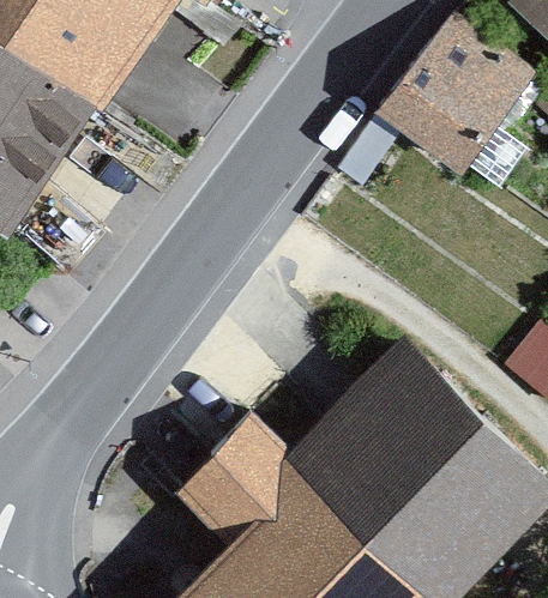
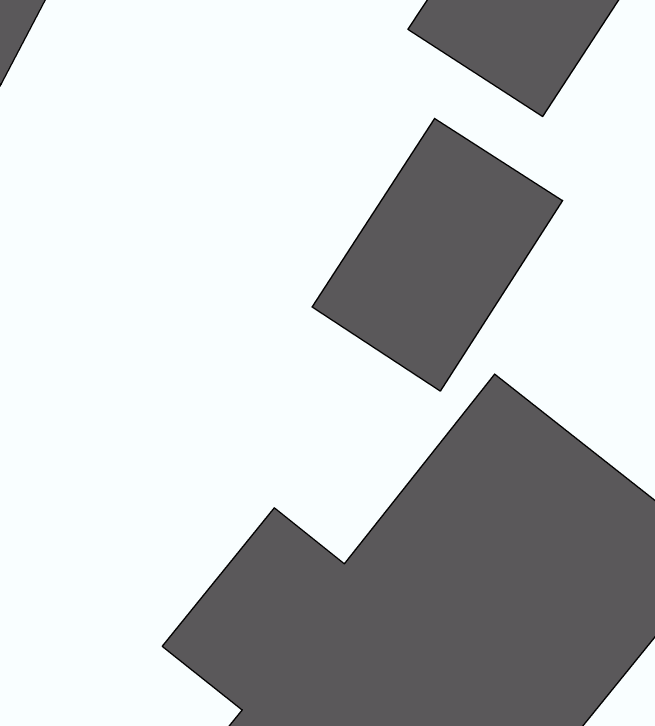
building: none -> [312,118,563,391]

